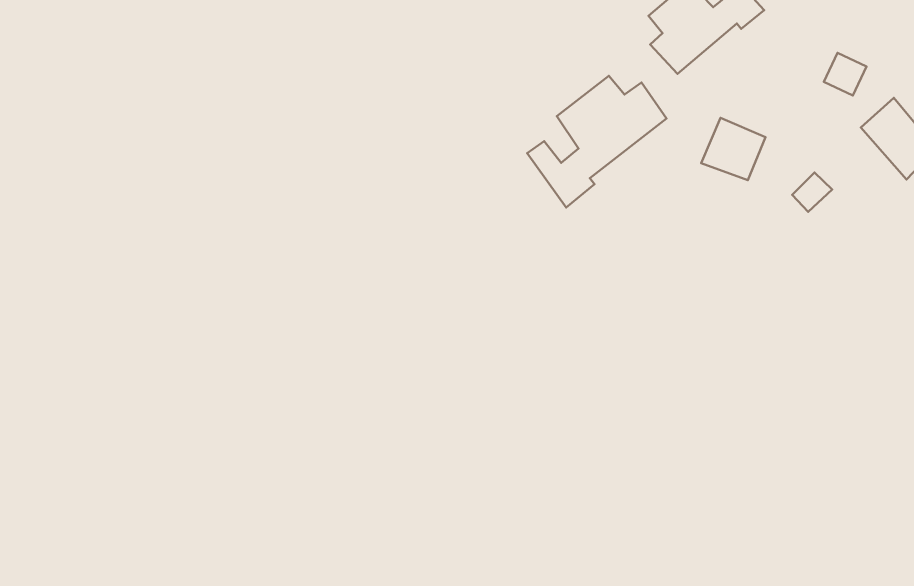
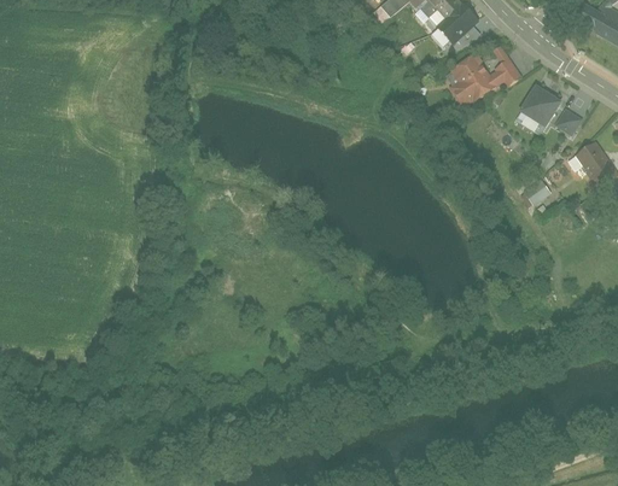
building: [527,76,667,207] -> none
building: [701,118,766,180] -> [519,86,561,127]

